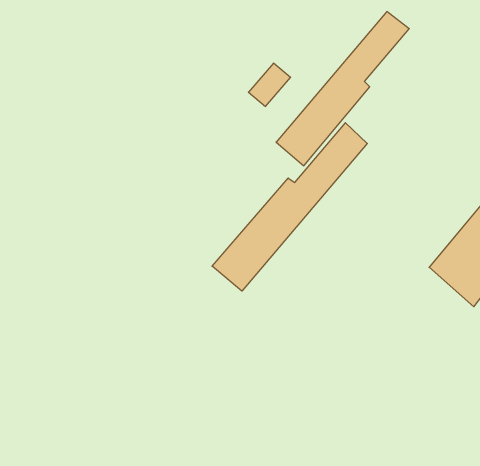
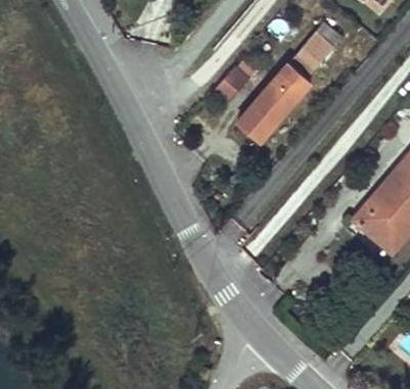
building: [212,123,367,291] -> none

